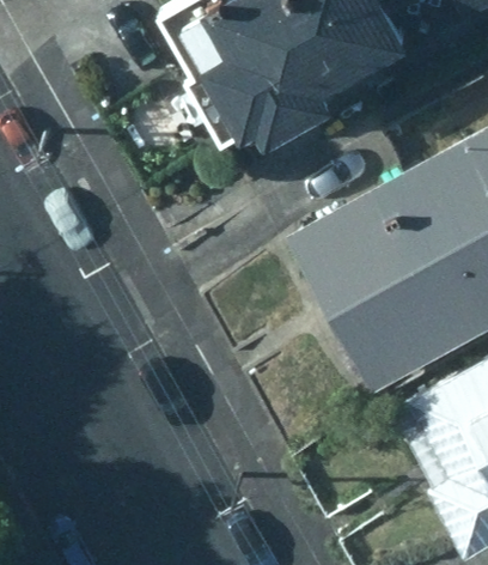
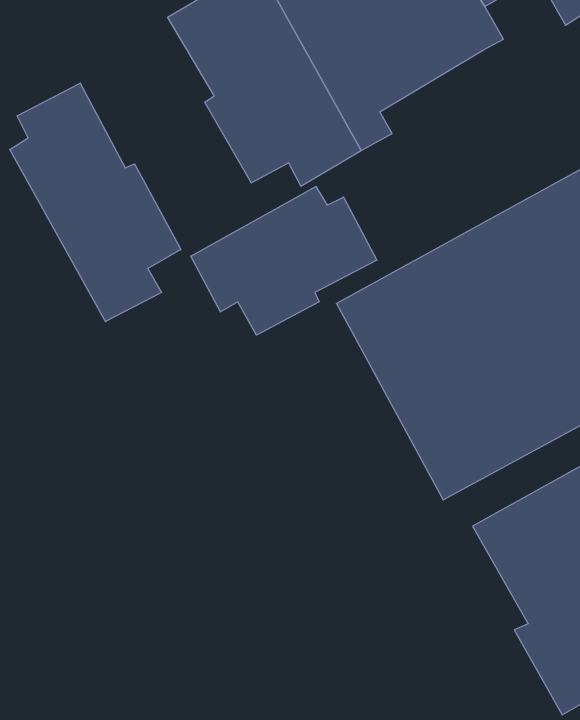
building: none -> [10,83,181,322]
building: none -> [191,186,377,335]

